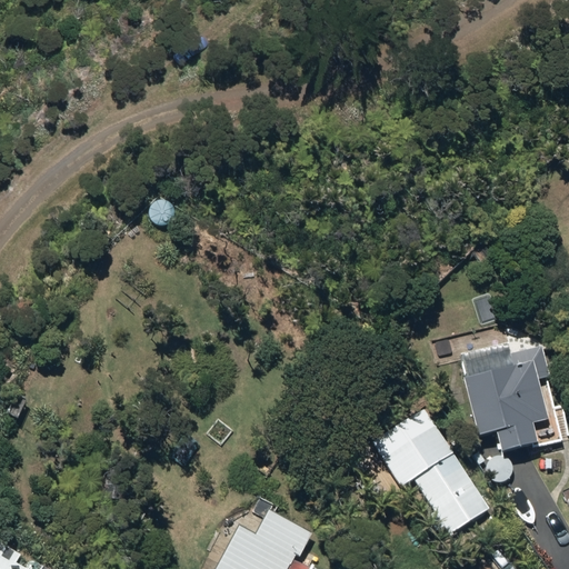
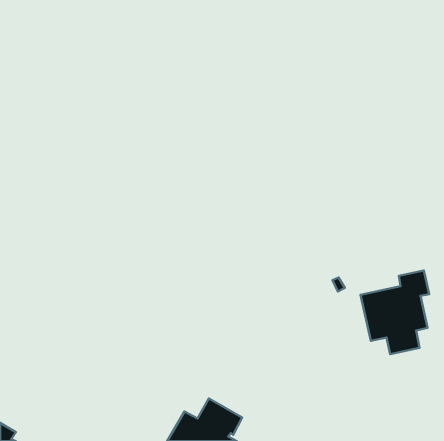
building: [381,421,489,532] -> none

